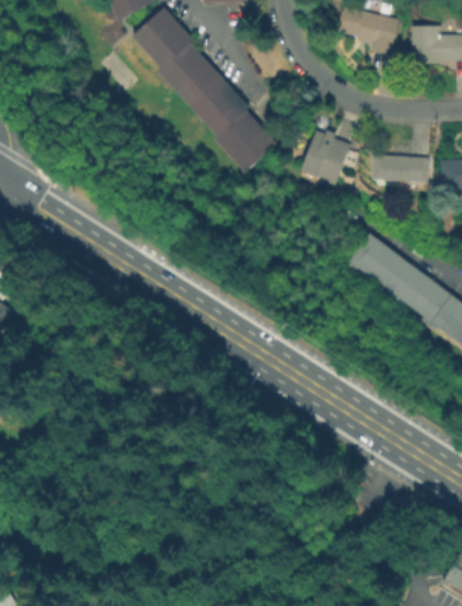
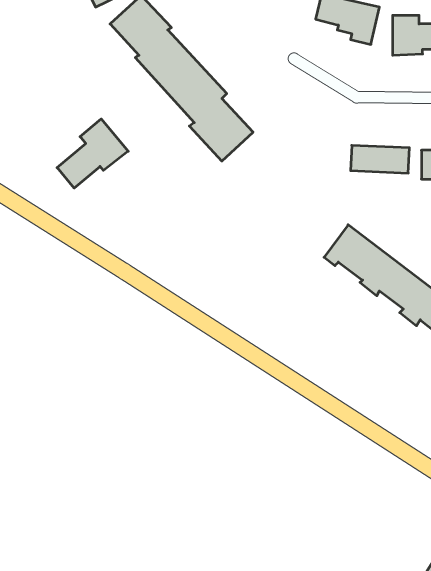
building: [300,129,352,185] -> none
building: none -> [57,119,128,188]

